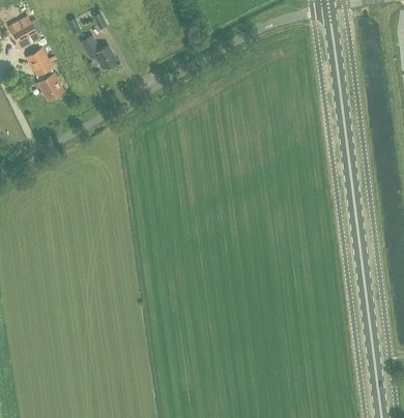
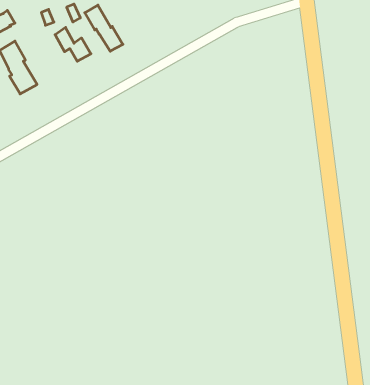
building: none -> [85,5,123,51]

